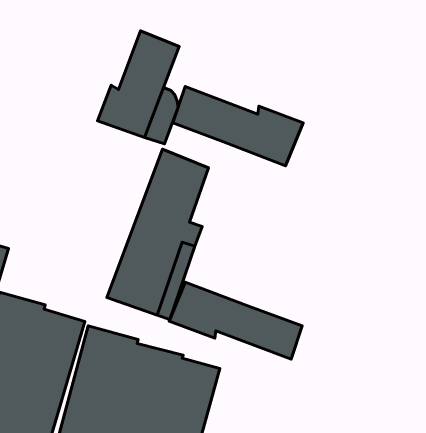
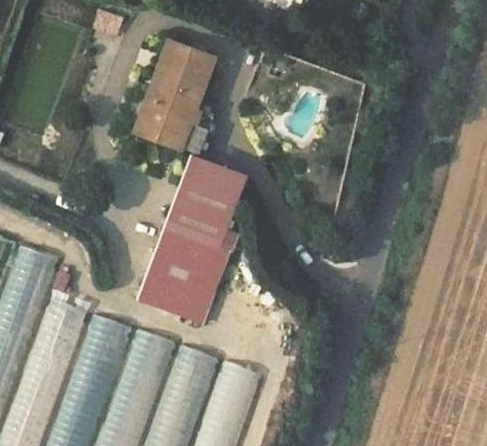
building: [173,86,303,166] -> none
building: [169,282,302,359] -> none

